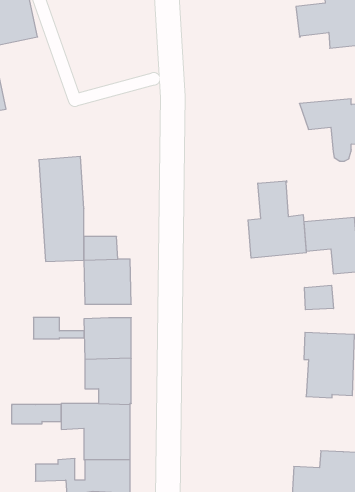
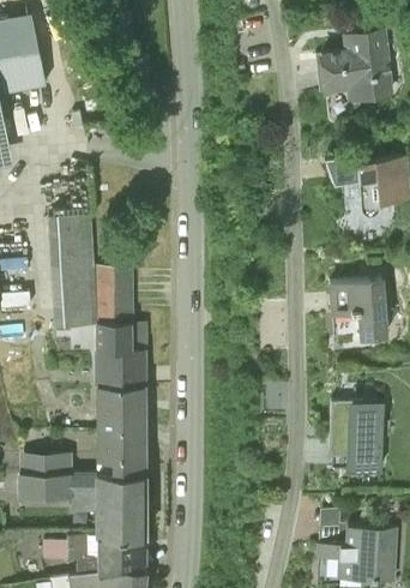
building: [248,181,306,258] -> none
building: none -> [96,270,131,301]
building: [305,285,333,310] -> none
building: [33,317,84,339] -> [44,457,98,480]

